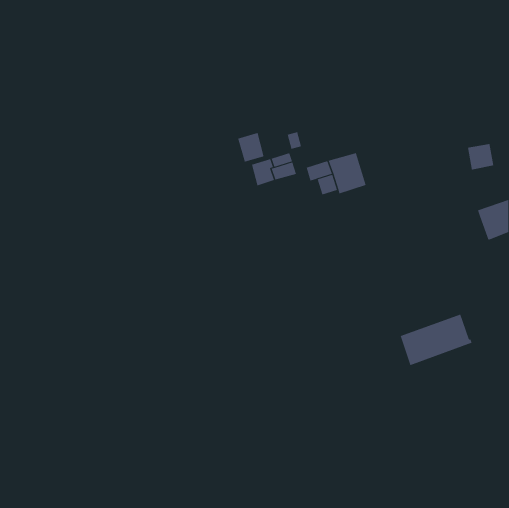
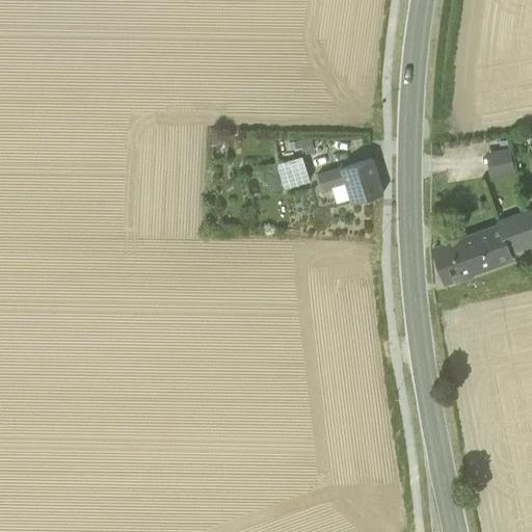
building: [237,132,264,162] -> none
building: [400,314,473,366] -> [436,227,512,281]

